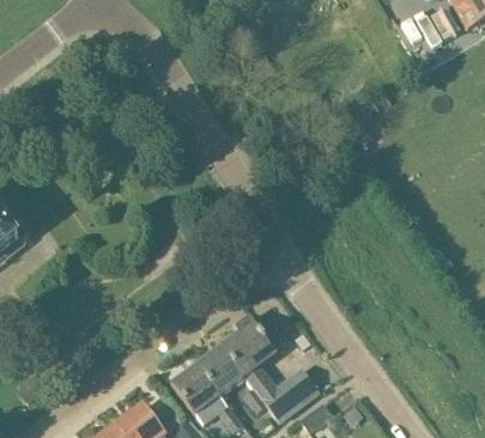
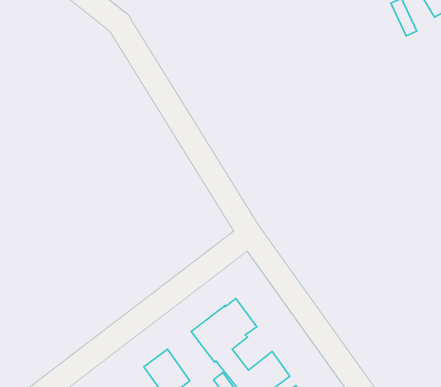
building: [194,346,242,396] -> none

